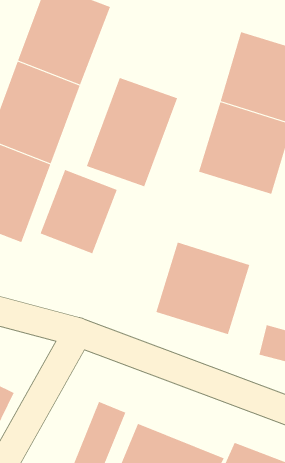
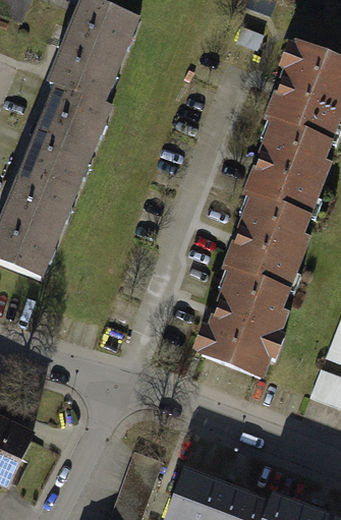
building: [86,77,178,187] -> none
building: [40,169,117,254] -> none
building: none -> [218,201,320,301]

